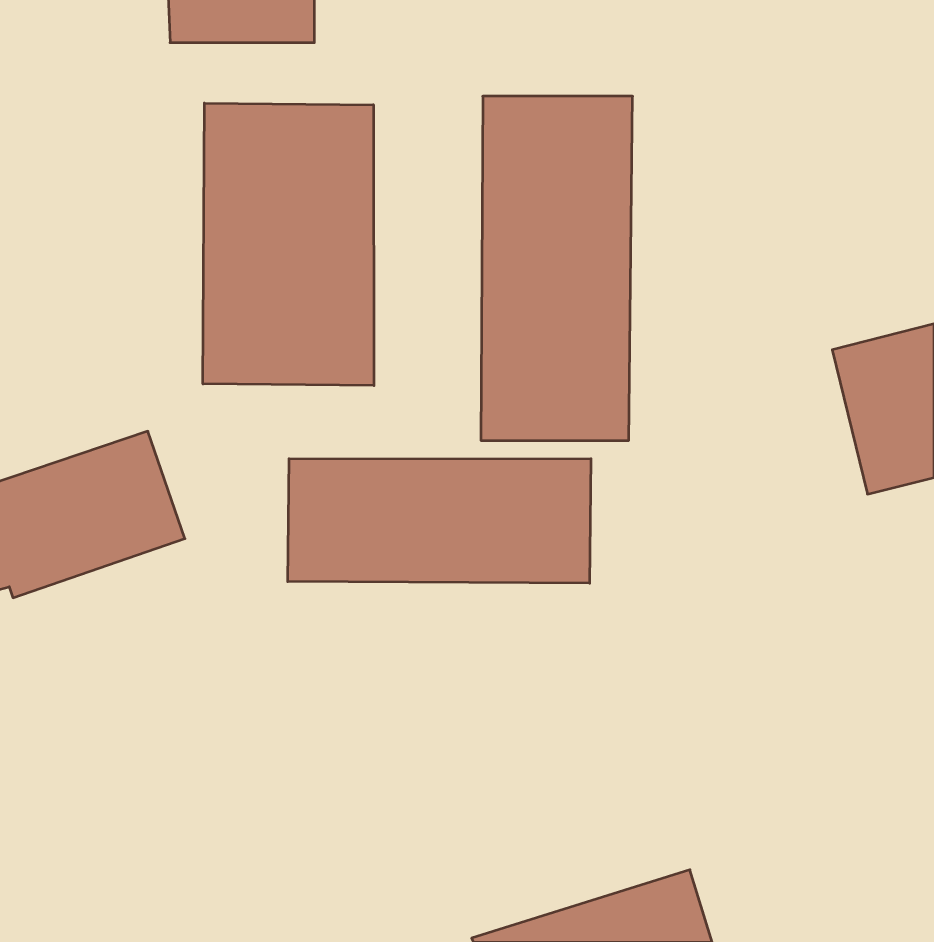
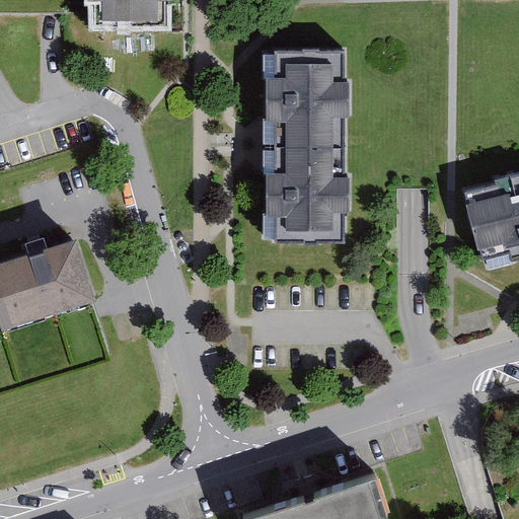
building: [203,103,374,386] -> none
building: [288,459,591,583] -> none

